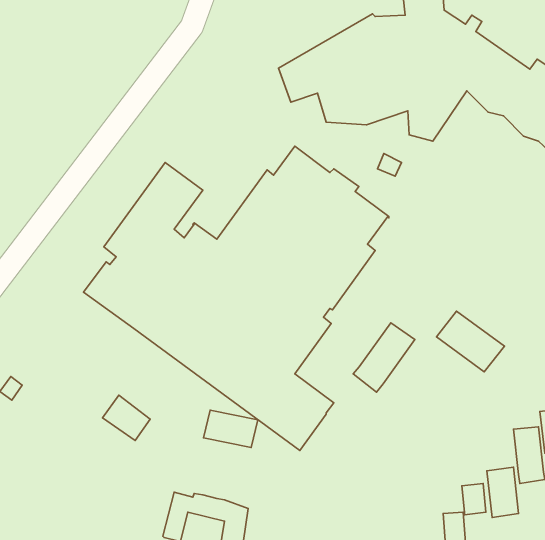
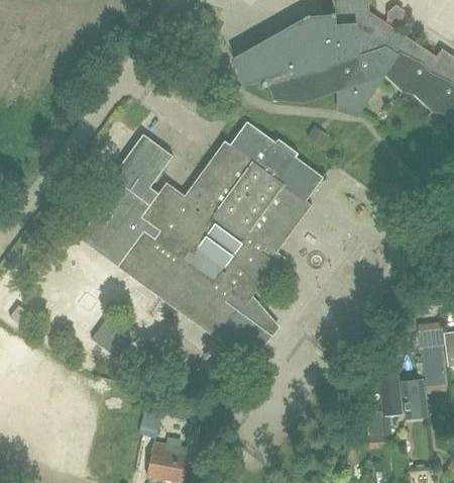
building: [437,311,504,372] -> none
building: [353,323,415,392] -> none
building: [204,410,258,448] -> none

